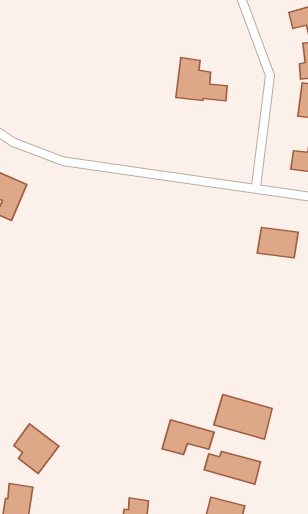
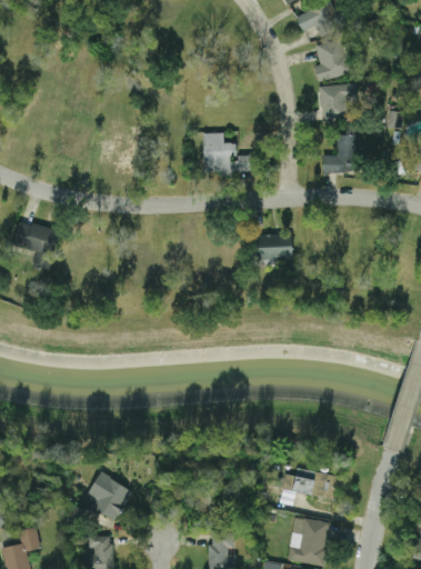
building: [176,58,227,101] -> [203,133,255,174]
building: [257,227,298,258] -> [254,233,292,261]
building: [214,395,272,439] -> none
building: [162,420,214,455] -> none

